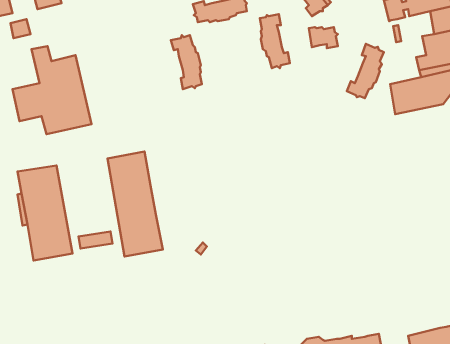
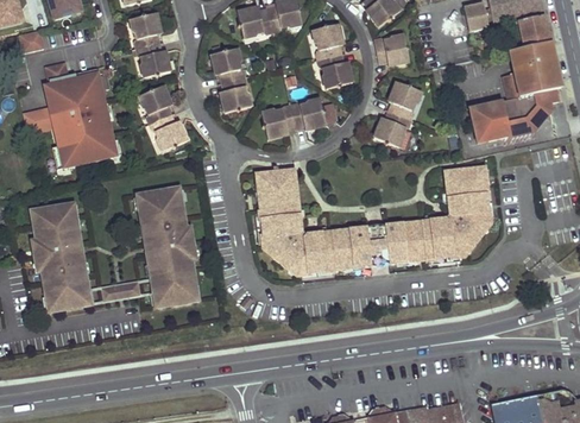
building: none -> [134,13,170,76]
building: [347,44,384,98] -> [373,81,417,145]
building: none -> [143,86,187,150]
building: none -> [263,102,326,139]
building: none -> [256,169,491,276]

